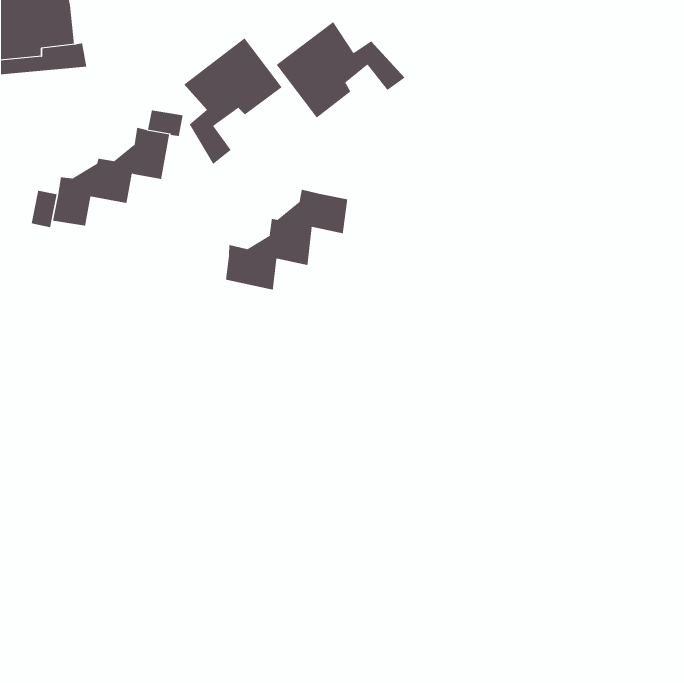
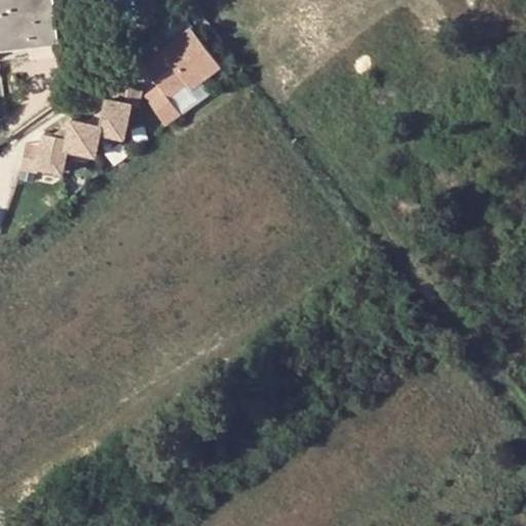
building: [276,21,405,118] -> none
building: [225,189,348,291] -> none

